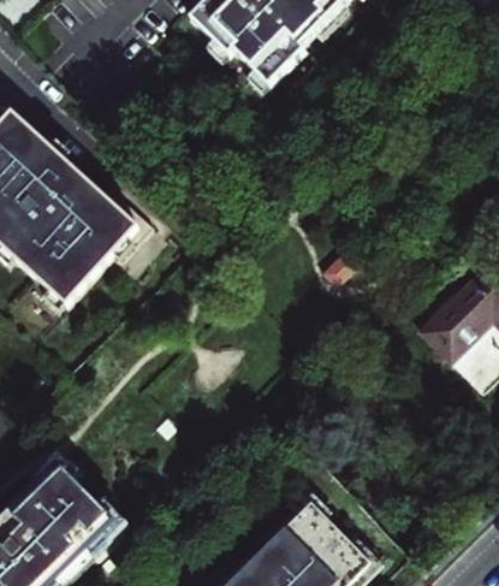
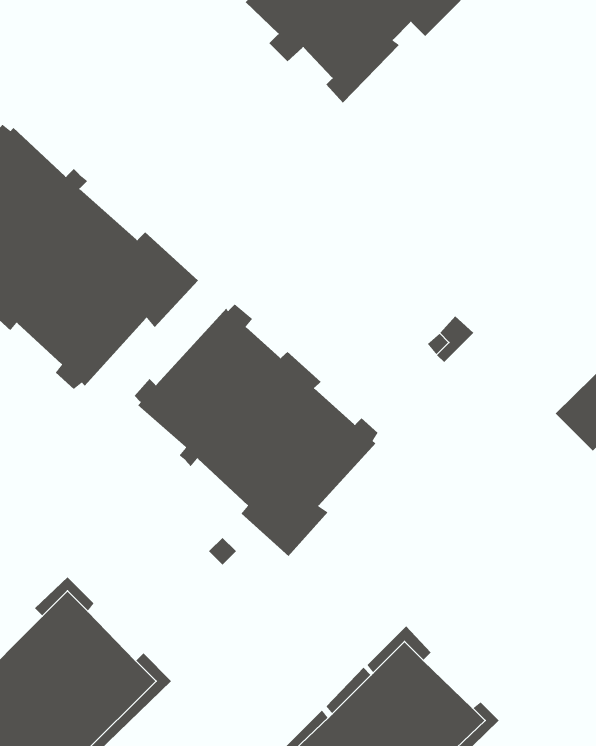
building: none -> [134,304,379,557]

